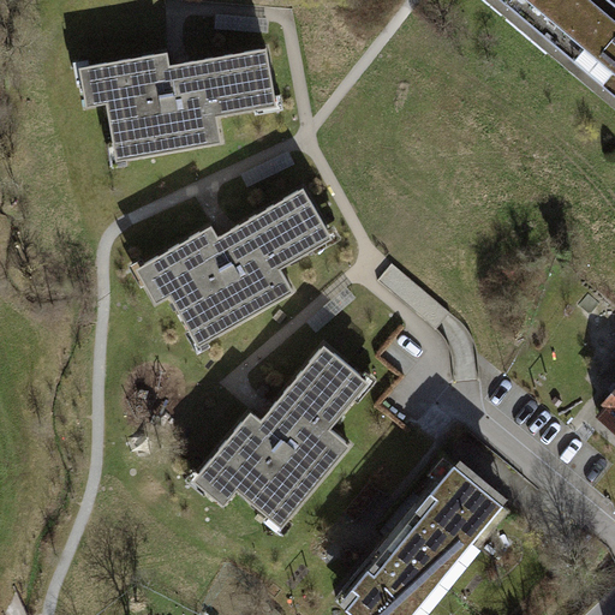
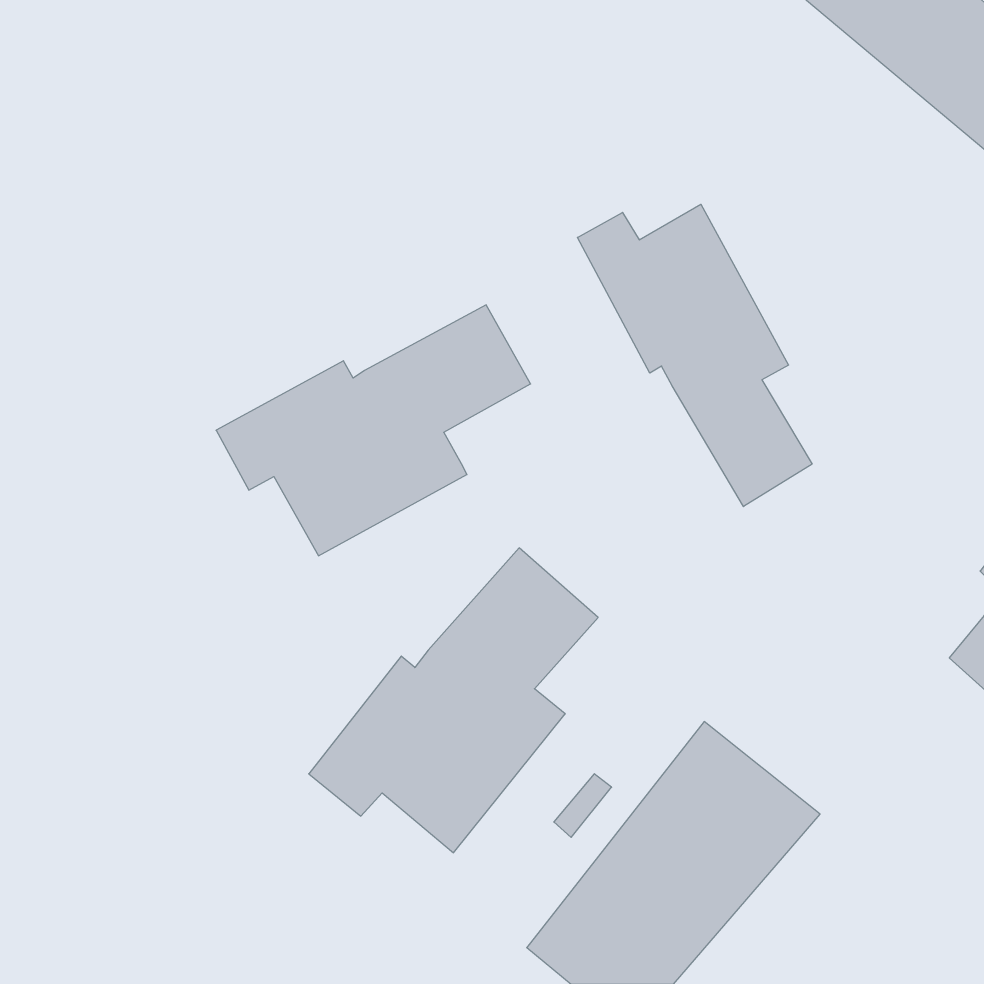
building: [78,44,280,162] -> none
building: none -> [577,204,812,507]

